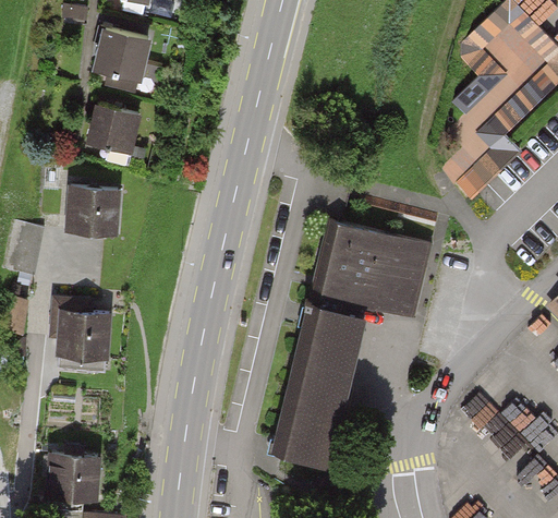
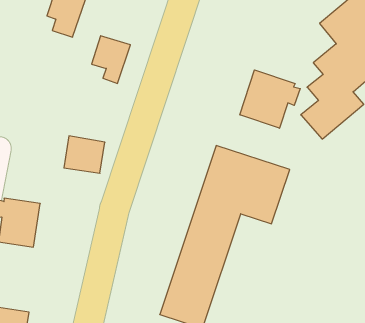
building: [87,105,136,166] -> [92,36,130,83]
building: none -> [240,70,300,128]
building: [65,186,117,232] -> [64,136,105,173]

